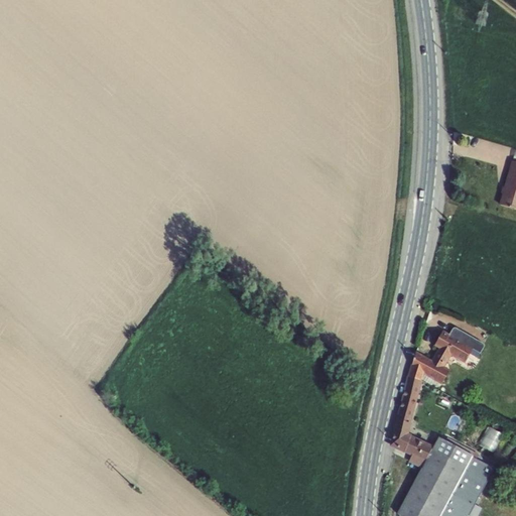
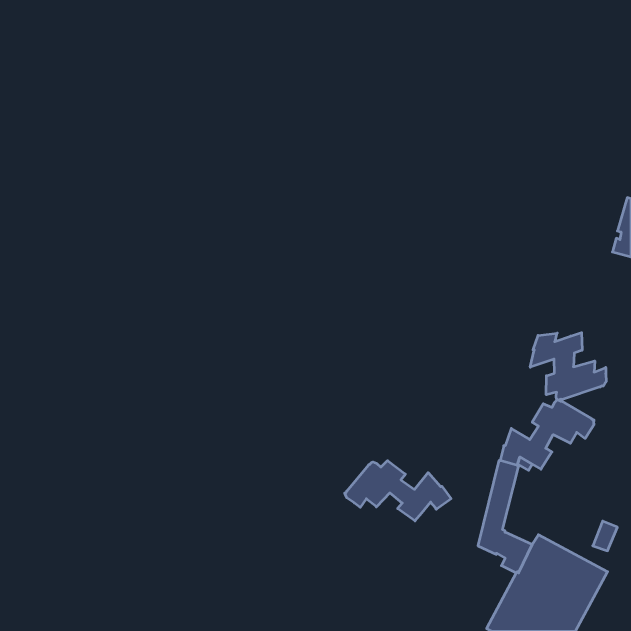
building: none -> [530,333,606,400]
building: none -> [345,461,451,521]

